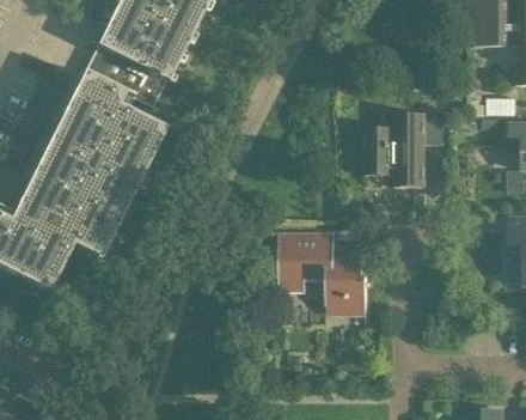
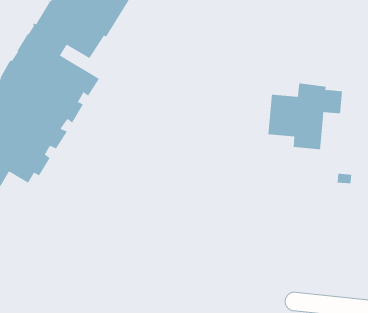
building: [279,231,366,312] -> none

